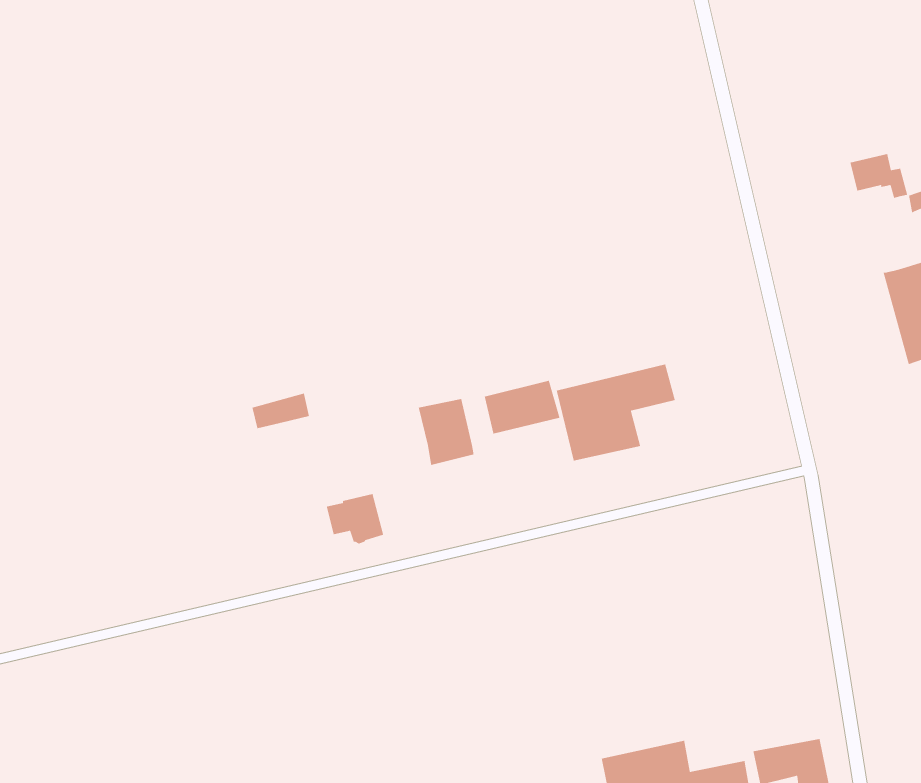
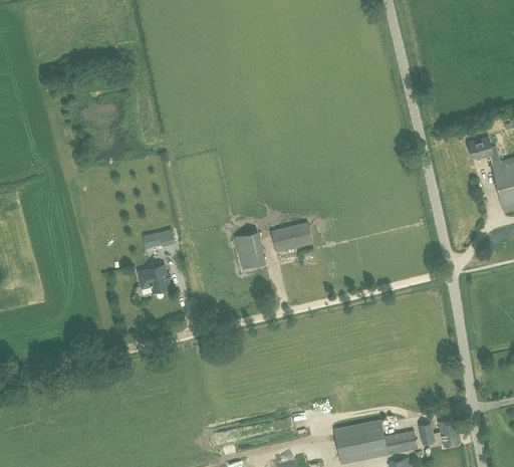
building: [849,153,908,199] -> [468,138,500,163]
building: [556,363,676,461] -> none
building: [326,493,384,544] -> [139,265,171,293]

